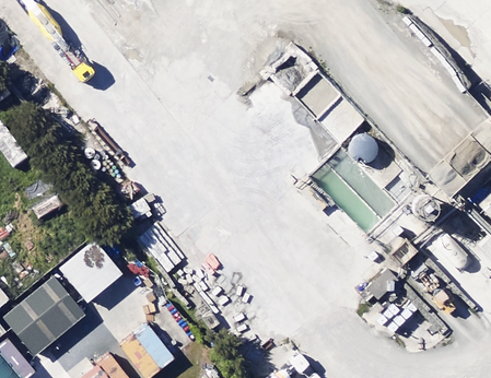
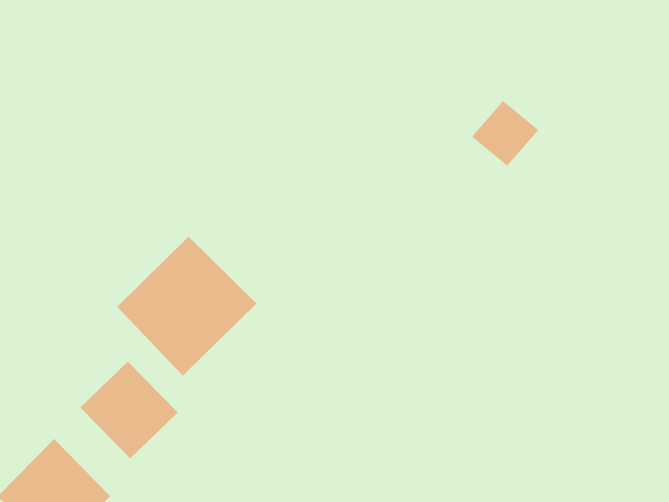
building: none -> [116,236,257,376]

